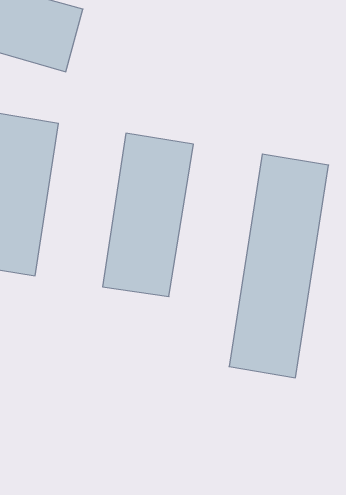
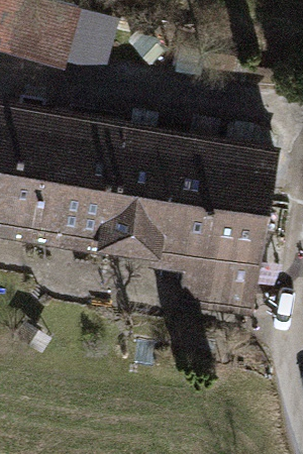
building: none -> [36,113,111,247]
building: none -> [144,130,223,313]

